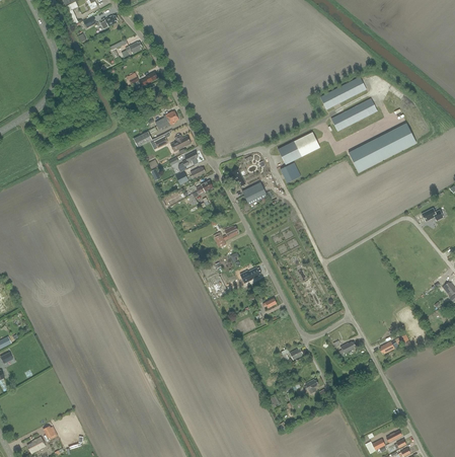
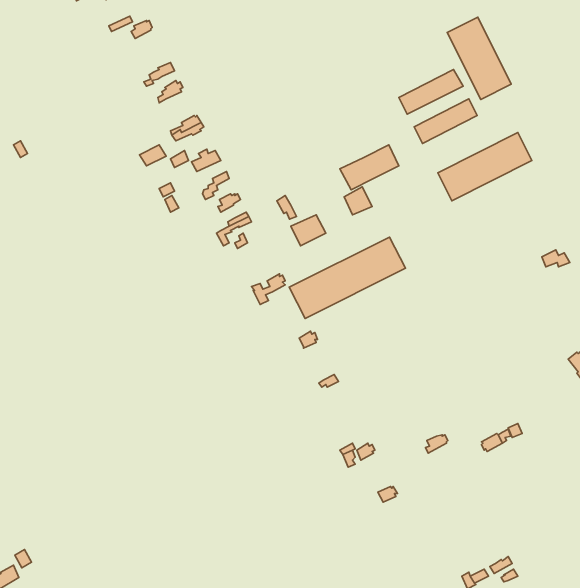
building: none -> [447,17,511,100]
building: none -> [289,237,405,318]

